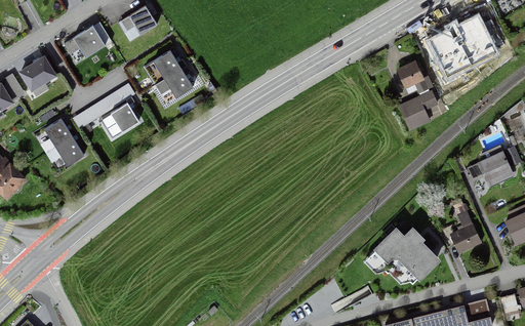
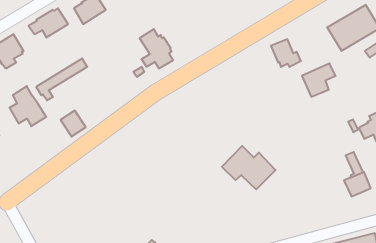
building: [152,49,193,97] -> [140,29,173,68]
building: [395,60,432,94] -> [271,39,301,67]
building: [109,101,139,133] -> [61,111,86,137]
building: [370,231,436,284] -> [222,146,276,189]

